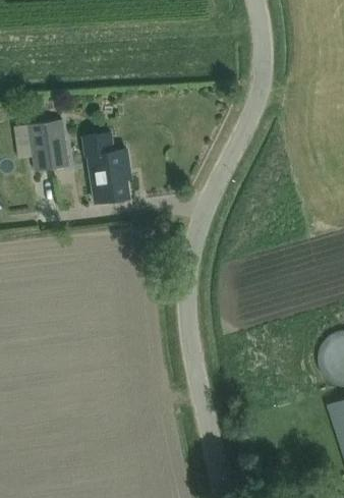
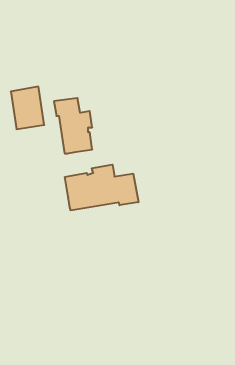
building: none -> [65,165,138,210]

